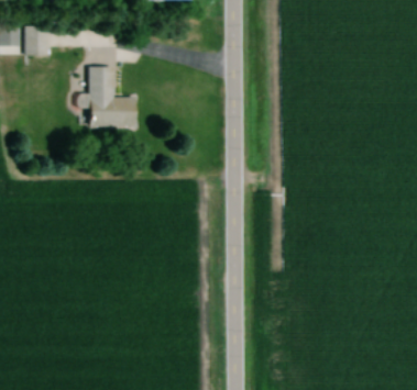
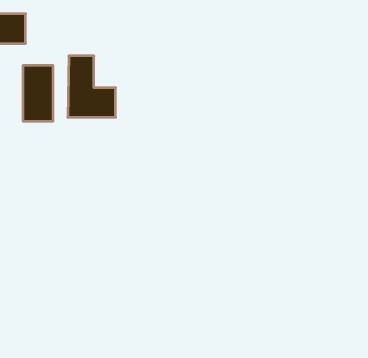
building: none -> [23,65,53,121]

